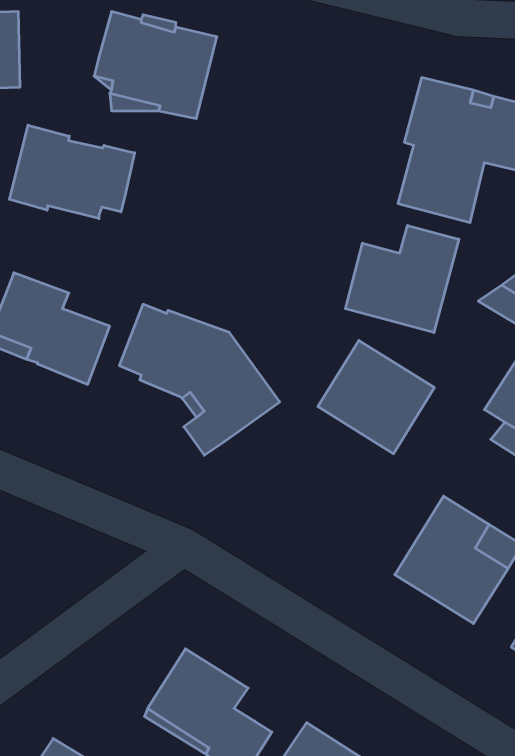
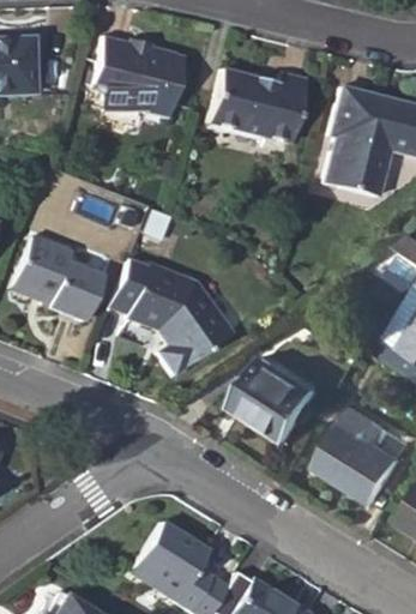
building: none -> [204,70,301,144]
building: [9,125,135,219] -> none
building: [345,225,459,333] -> none
building: [318,340,434,454] -> [231,355,320,441]

